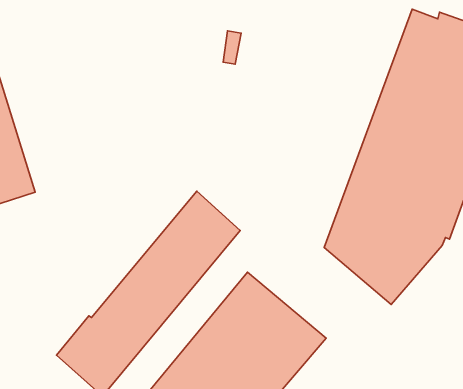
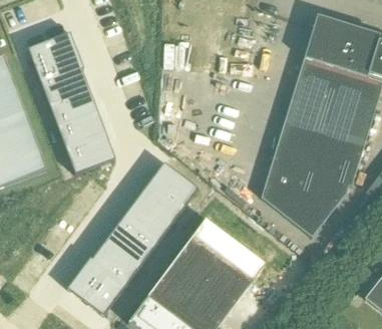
building: none -> [27,30,115,173]

